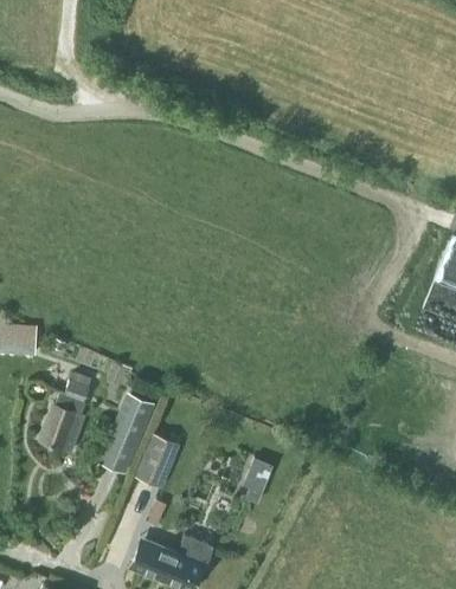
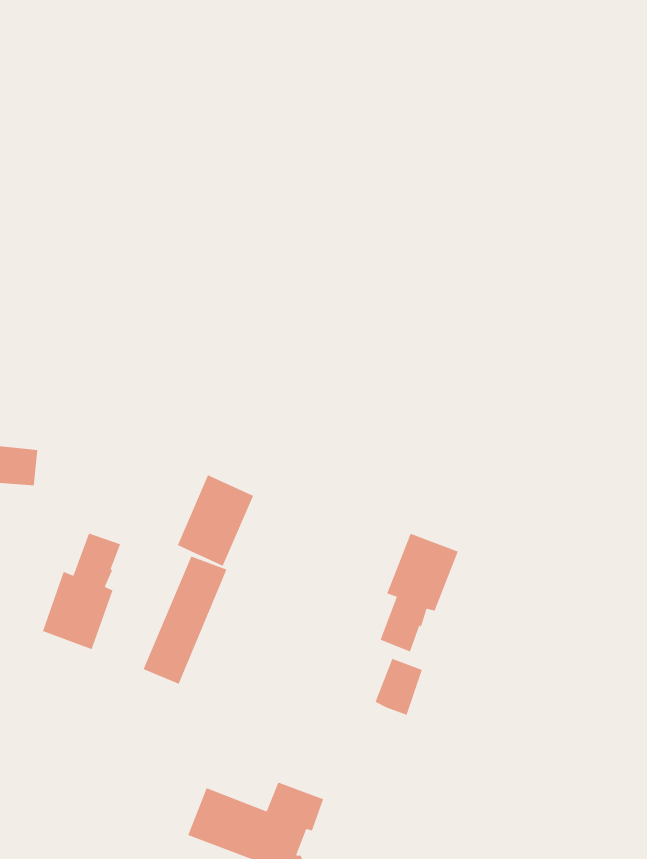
building: none -> [379,532,459,652]
building: [133,433,180,490] -> [177,474,254,567]

